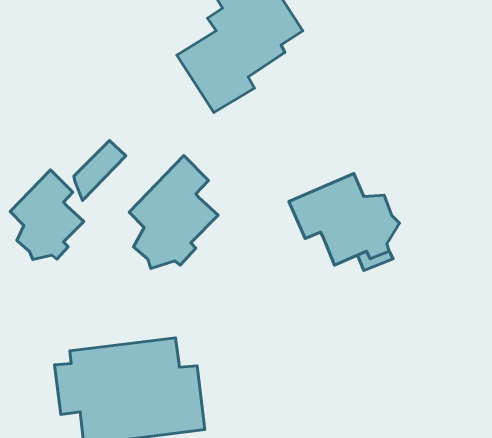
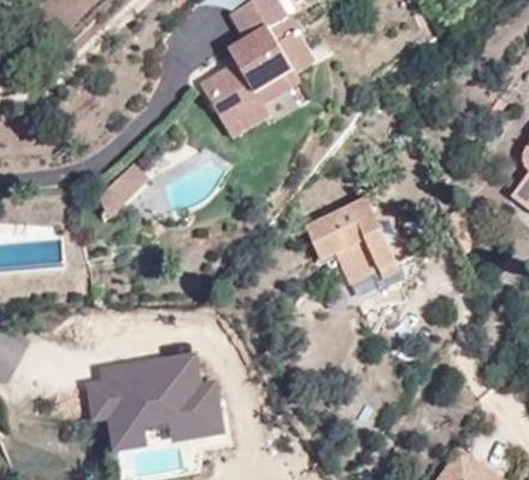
building: [129,156,218,268] -> none
building: [10,170,84,259] -> none

